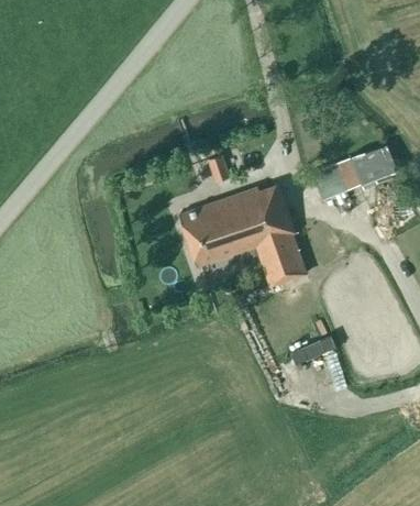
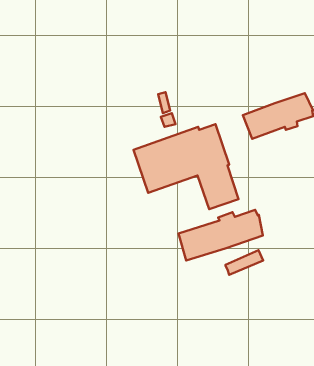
building: none -> [179,210,263,260]

